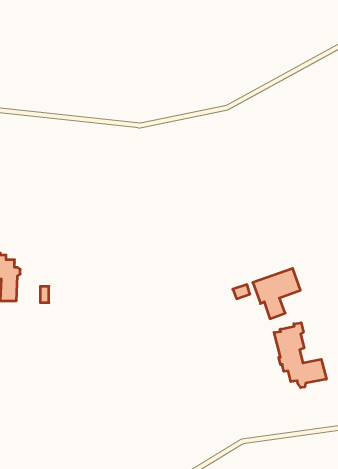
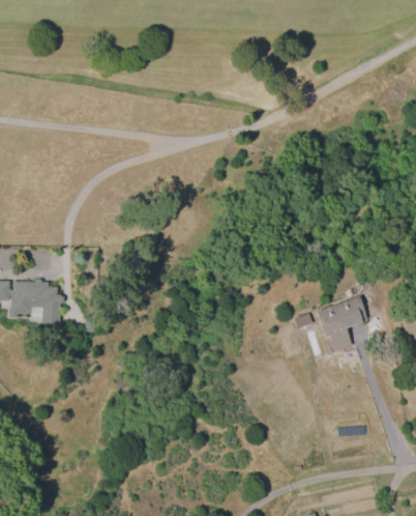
building: [274,323,326,388] -> none

